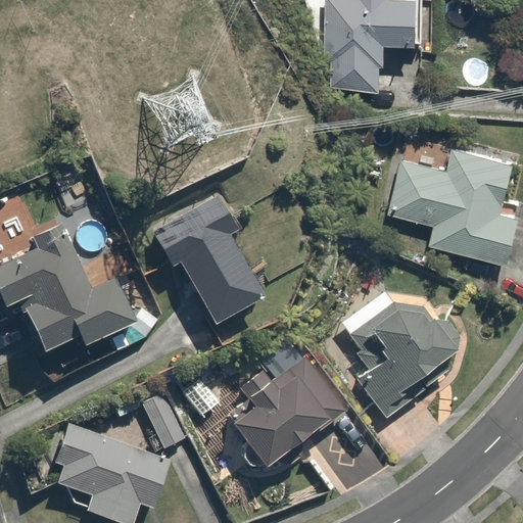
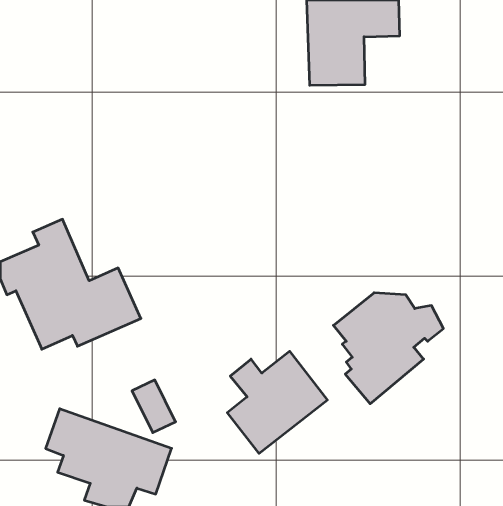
building: [385,145,515,259] -> none
building: [148,190,266,329] -> none

